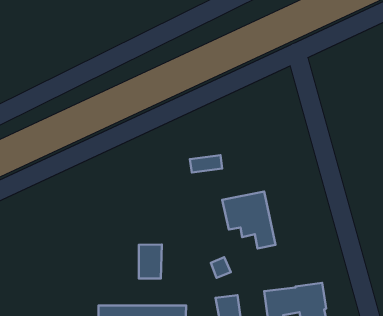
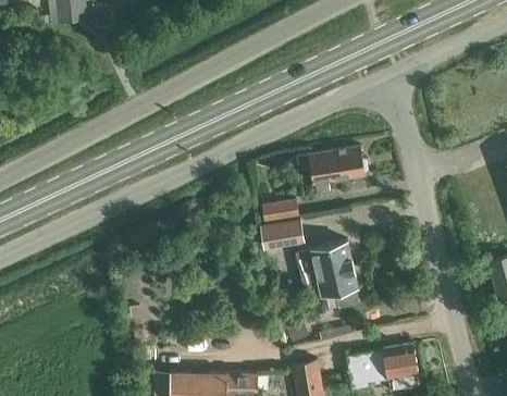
building: none -> [308,146,363,195]
building: none -> [260,216,304,248]
building: [139,245,162,279] -> none

